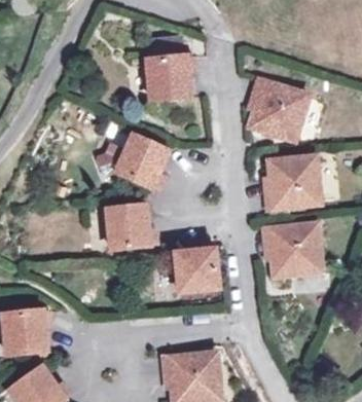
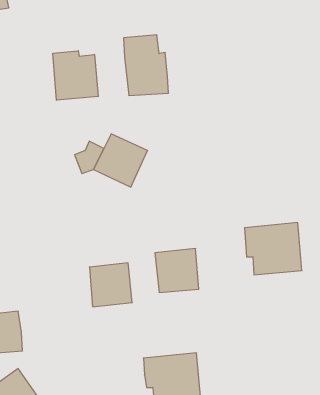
building: none -> [53,51,98,100]
building: [251,79,309,138] -> none
building: [265,155,320,207] -> none
building: [108,206,150,249] -> [89,263,132,307]

